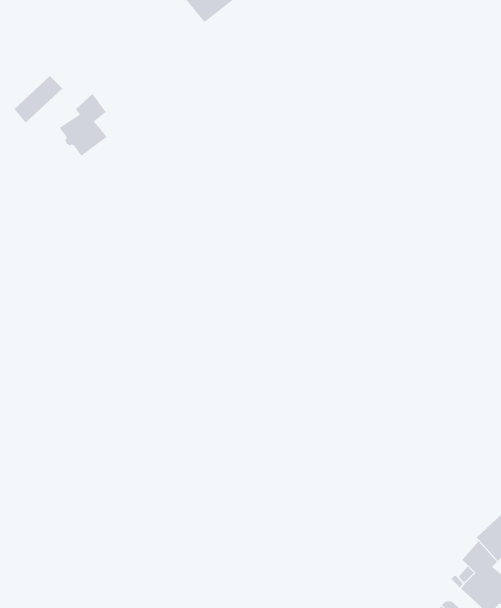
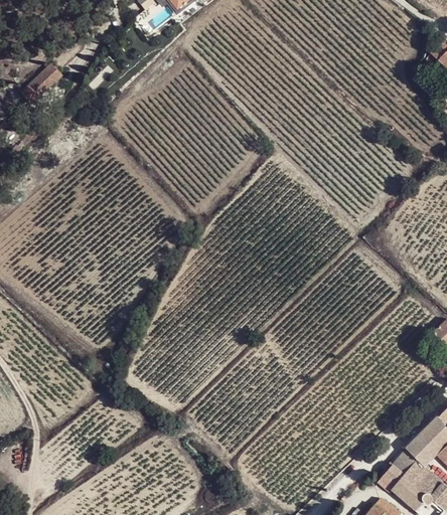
building: [59,93,107,156] -> none

